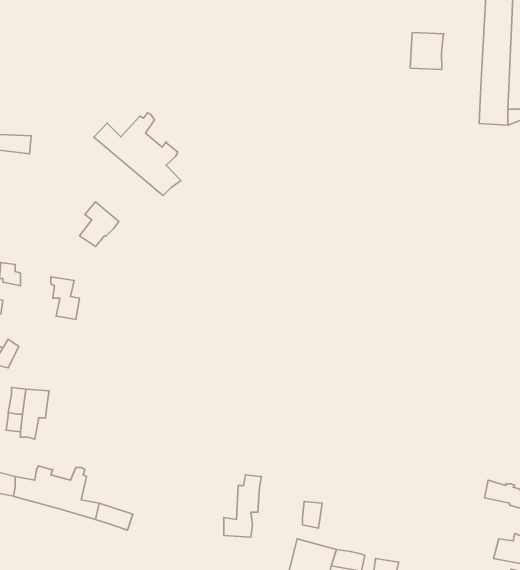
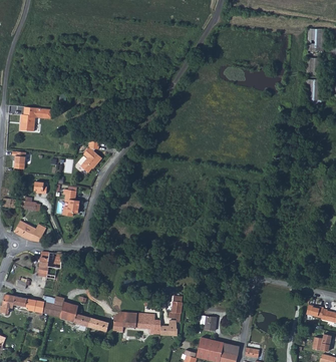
building: [410,32,444,70] -> none
building: [94,113,181,196] -> none
building: none -> [113,317,160,334]

